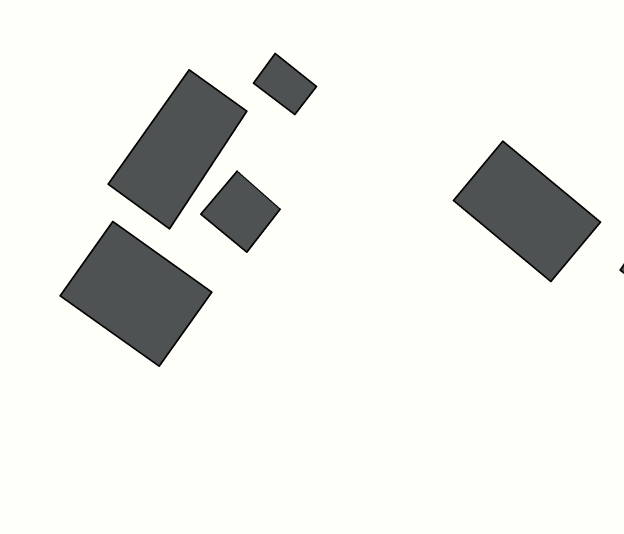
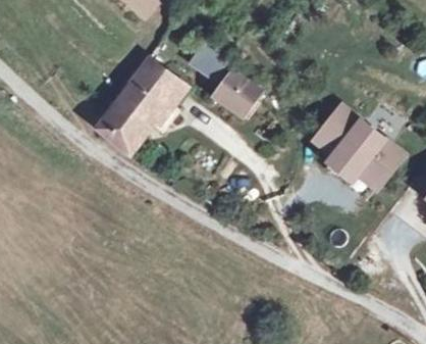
building: [201,171,280,252] -> [214,73,263,124]
building: [60,222,212,366] -> none

